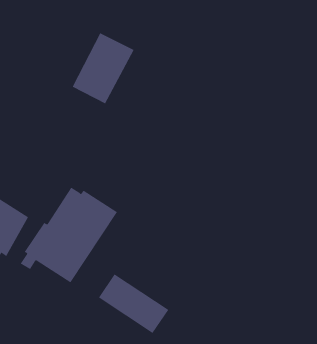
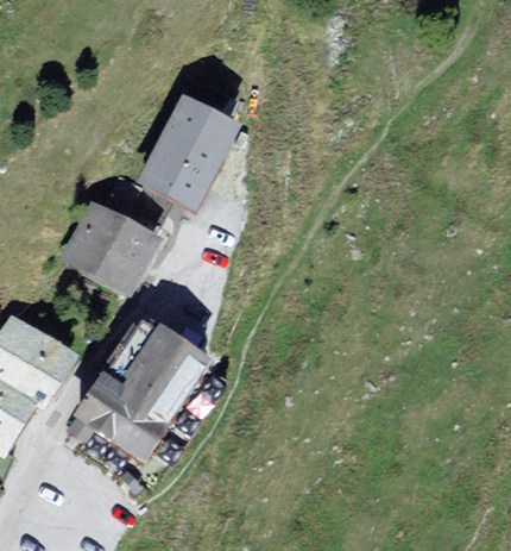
building: none -> [67,202,156,286]
building: [98,274,169,334] -> none

